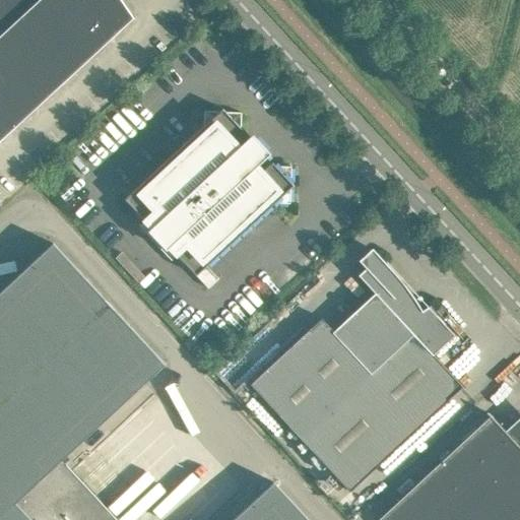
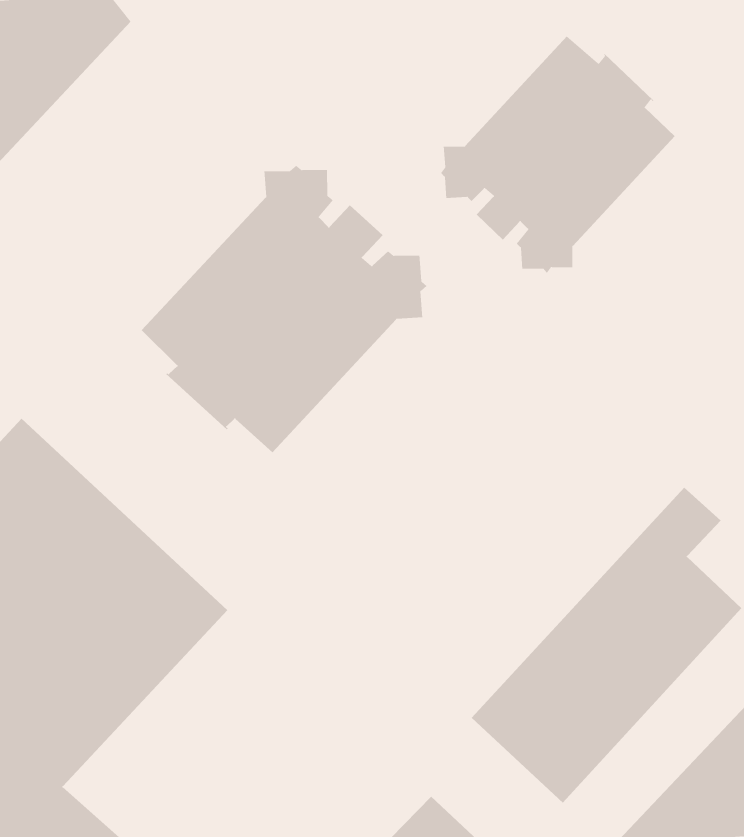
building: none -> [440,36,676,274]
building: [250,253,434,438] -> none

